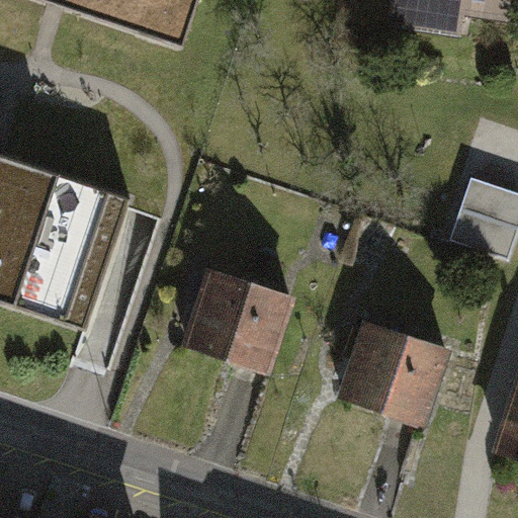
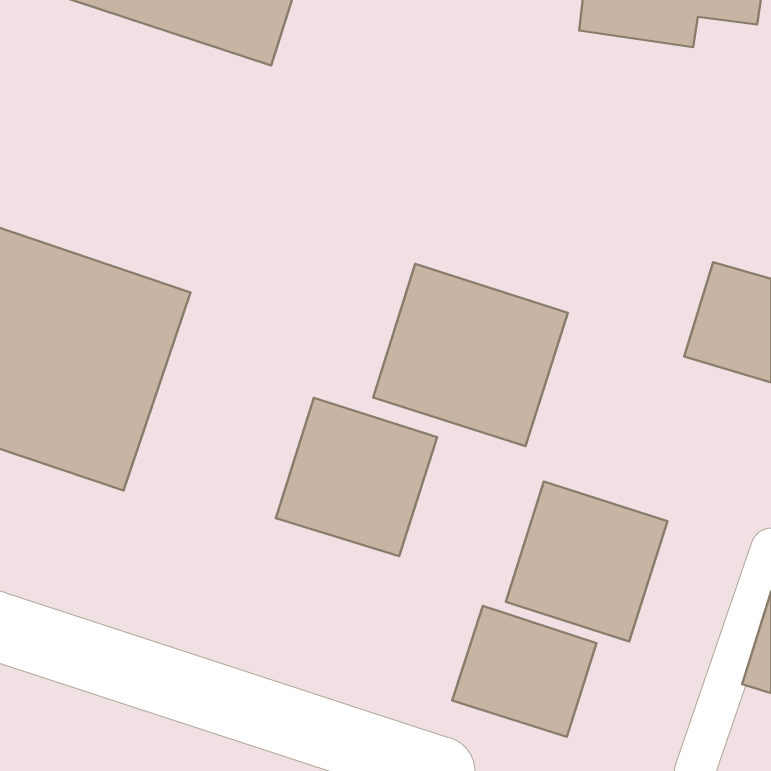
building: none -> [373,264,568,446]
building: none -> [452,606,597,737]

